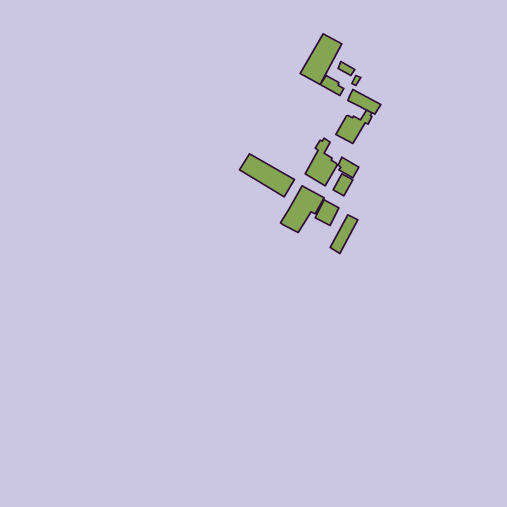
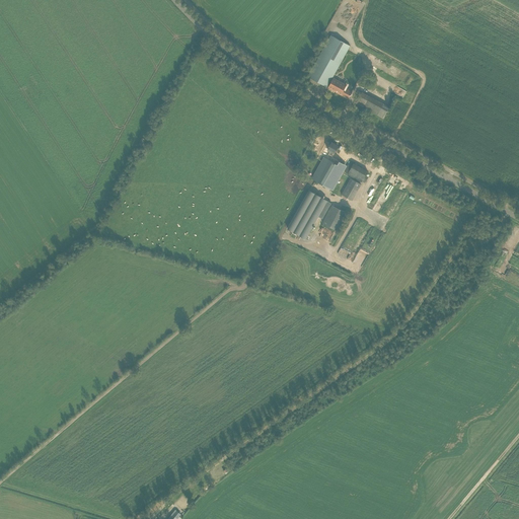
building: [336,110,372,144] -> none
building: [239,154,294,197] -> none

